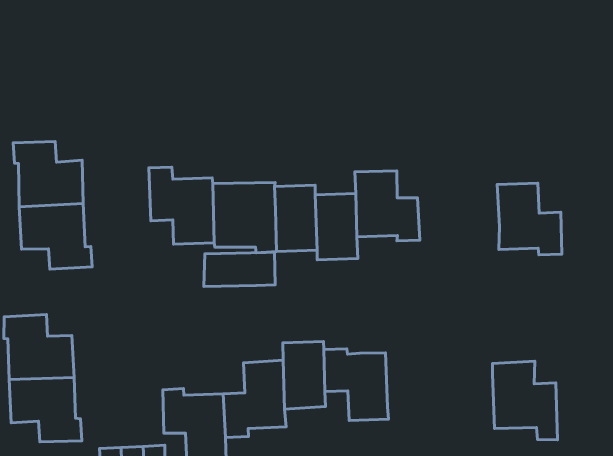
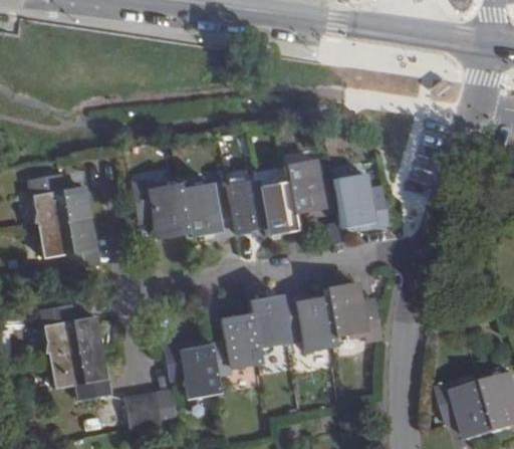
building: [497,183,562,255] -> [335,173,391,226]
building: [204,252,275,287] -> none
building: [492,361,558,440] -> [326,282,382,341]

